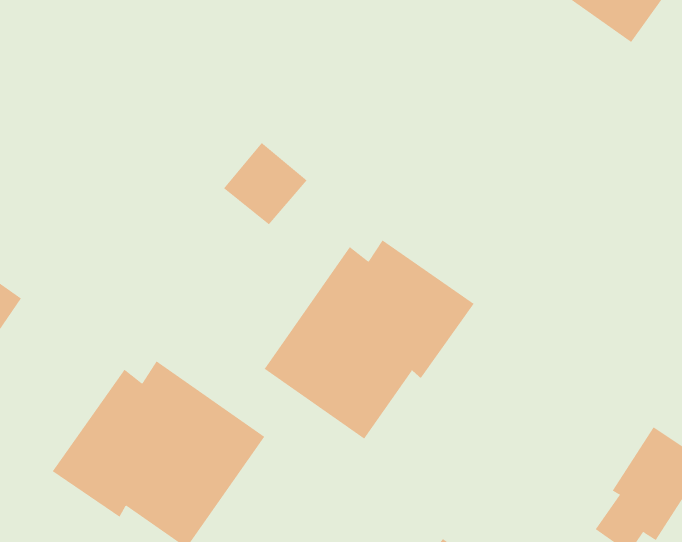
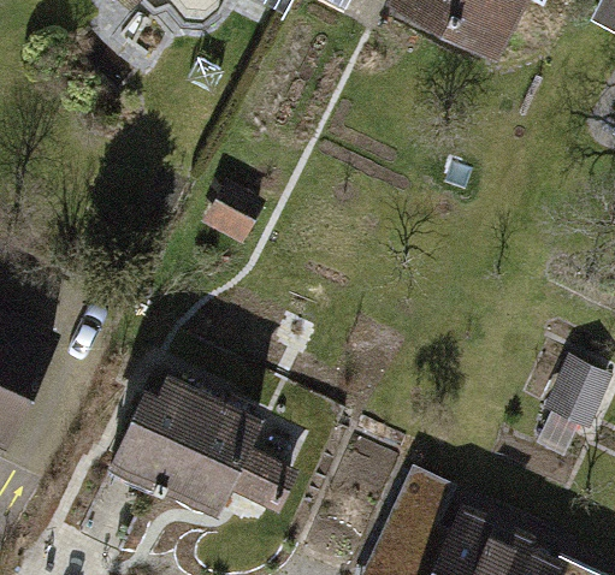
building: [264,240,475,439] -> none

